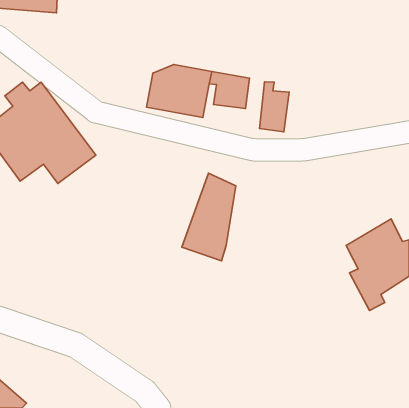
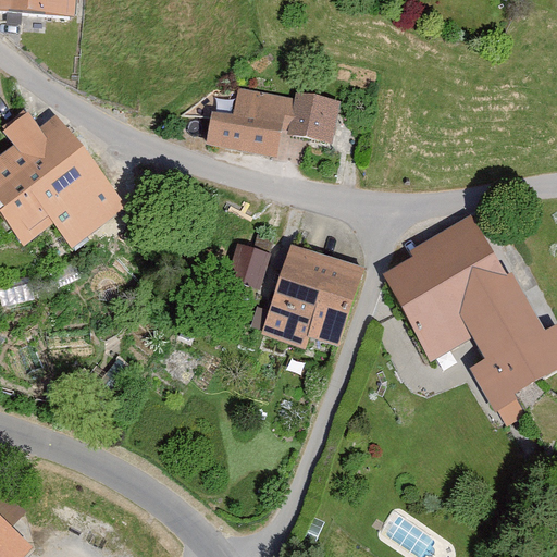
building: [259,82,289,132] -> none
building: none -> [384,213,529,358]
building: none -> [224,239,271,286]
building: none -> [306,251,364,345]

